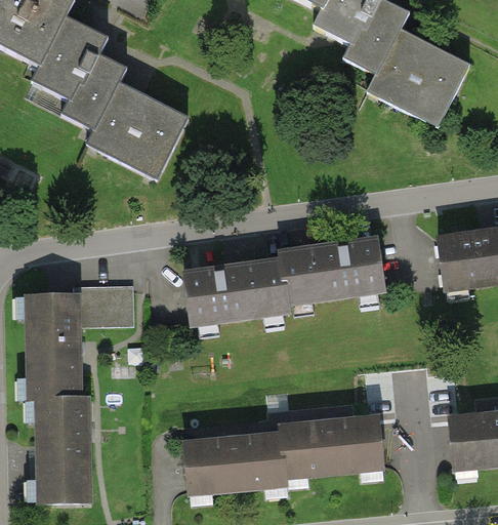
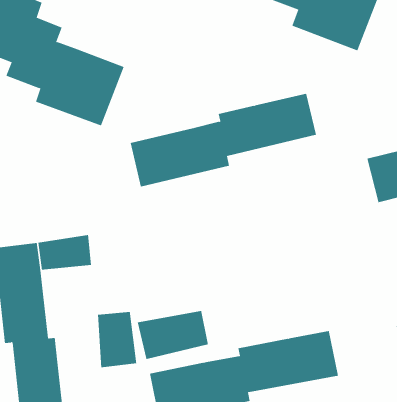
building: [185,242,384,324] -> [130,93,317,187]
building: none -> [98,311,137,368]
building: none -> [137,310,209,360]

